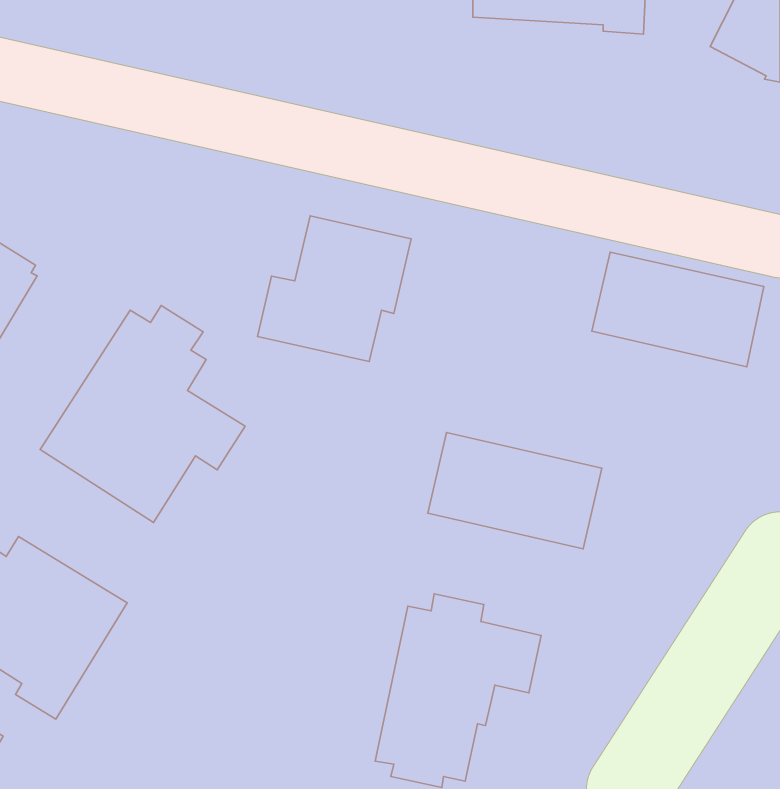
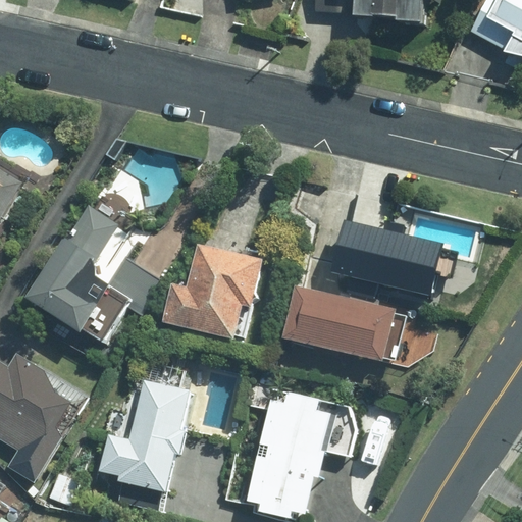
building: [257,216,411,361] -> [161,243,262,338]
building: [592,252,764,367] -> [330,220,443,296]
building: none -> [97,378,191,492]

